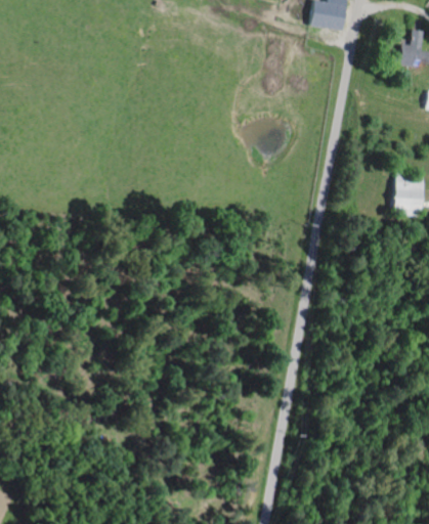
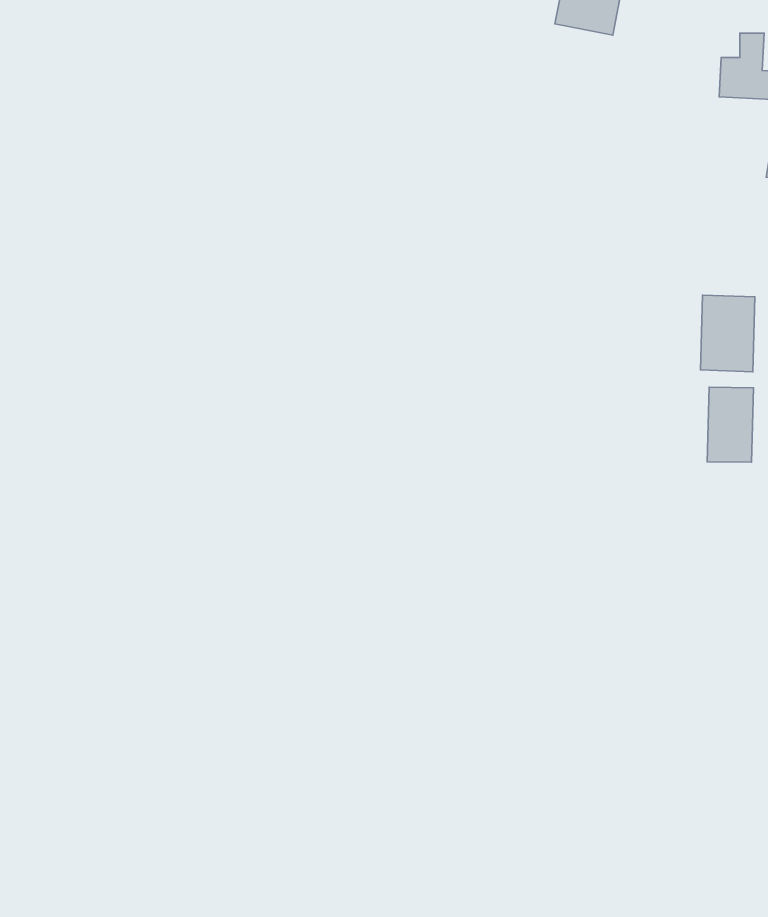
building: none -> [707,387,753,462]

